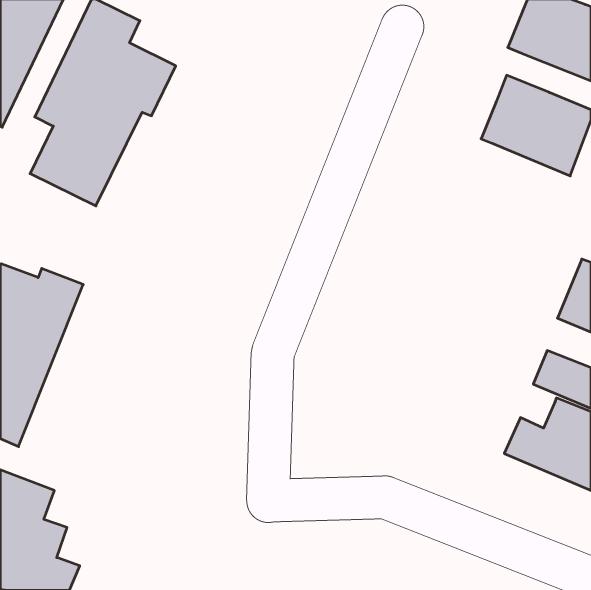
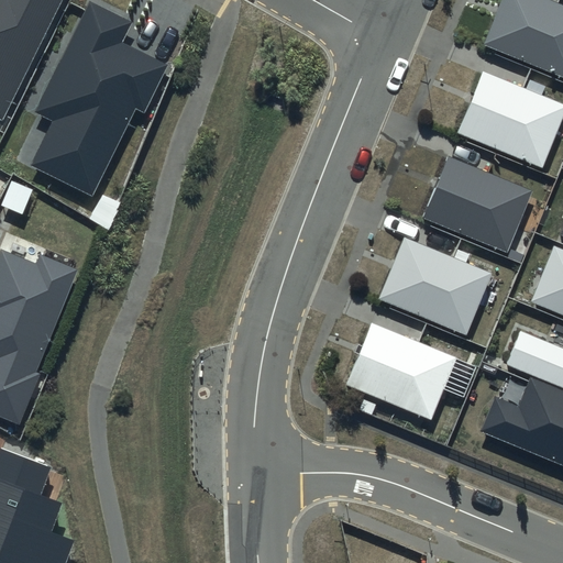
building: none -> [423,158,531,252]
building: none -> [377,238,492,335]
building: none -> [344,322,455,419]

